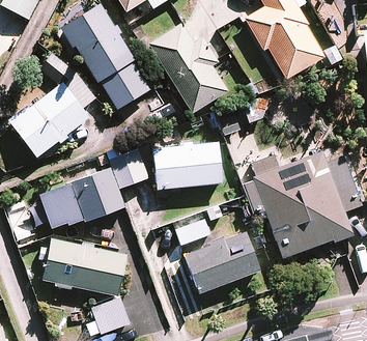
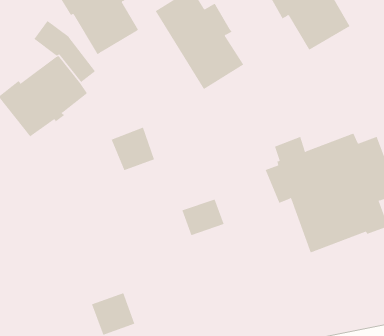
building: [100,61,150,110] -> none
building: [151,140,222,189] -> none
building: [37,167,125,228] -> none
building: [184,231,259,292] -> none
building: [38,237,125,294] -> none

